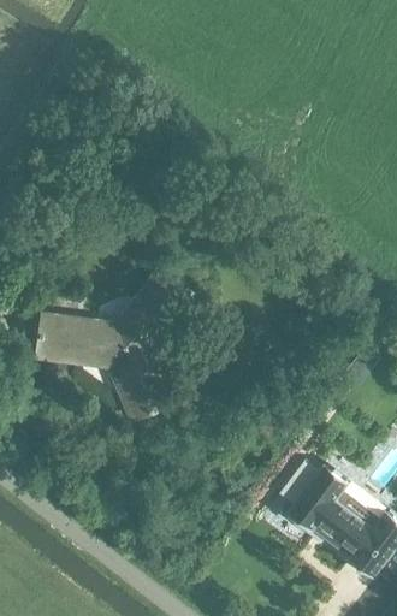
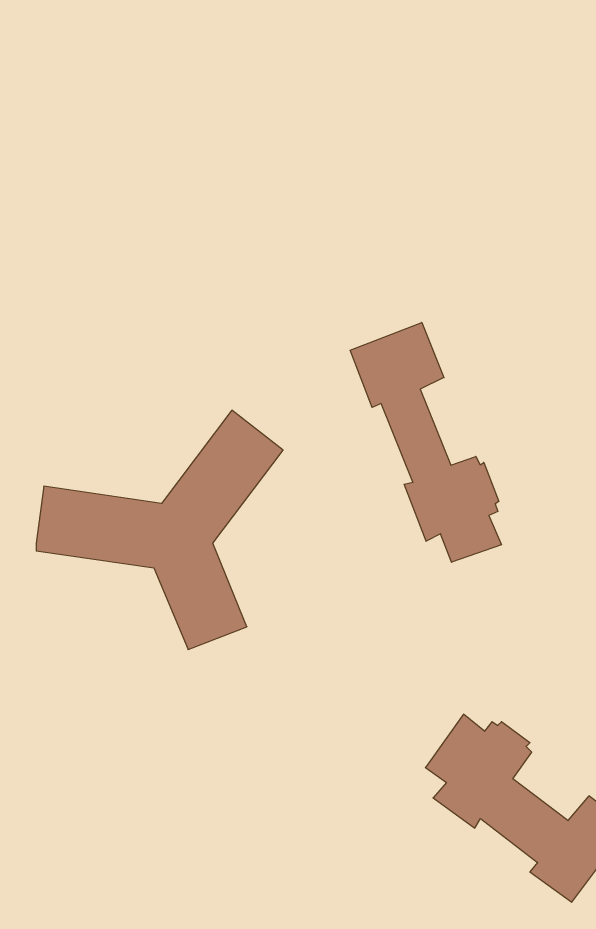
building: none -> [350,322,502,562]

